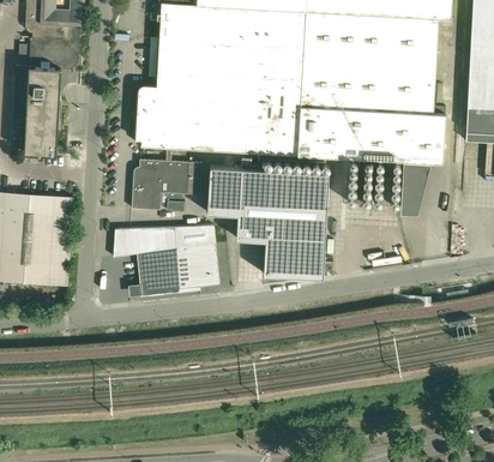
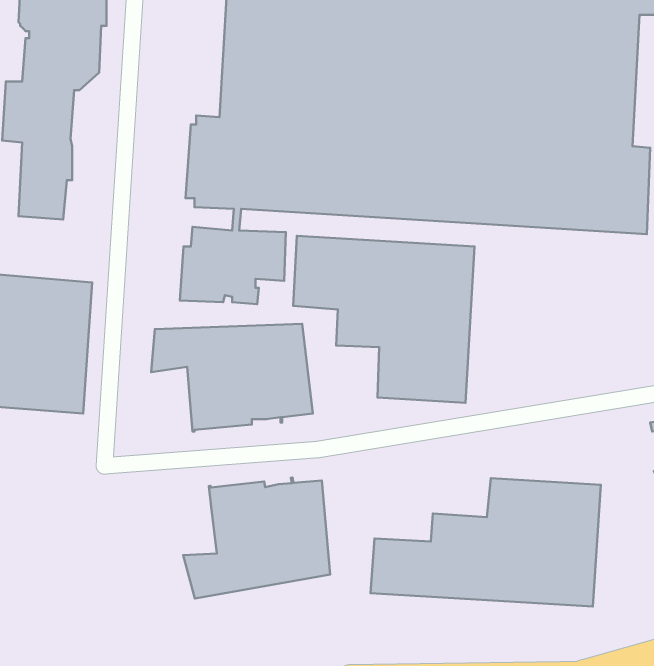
building: none -> [183,477,330,599]
building: none -> [370,478,601,607]

